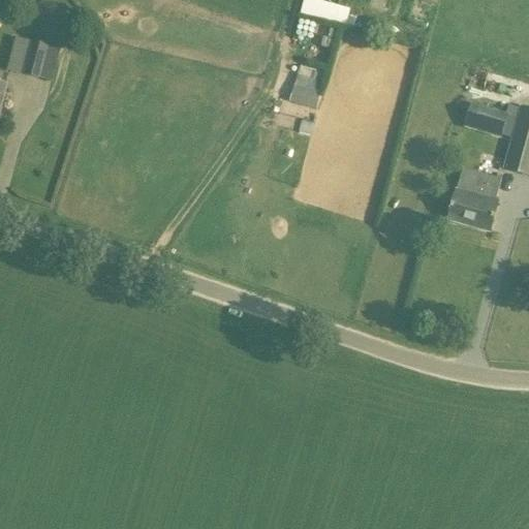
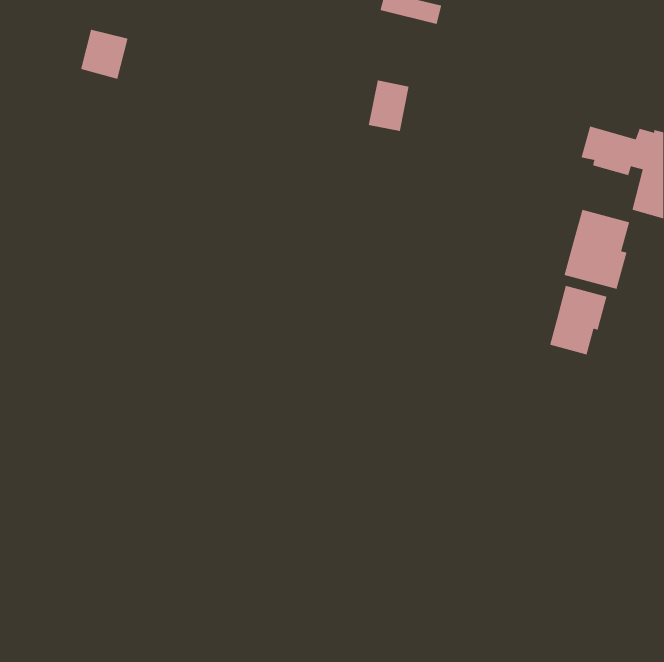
building: [19,38,57,79] -> [80,29,128,80]
building: none -> [549,285,607,356]

